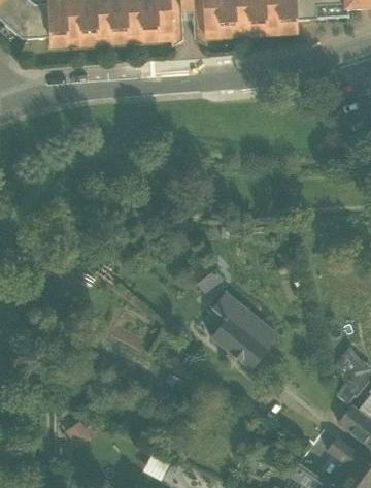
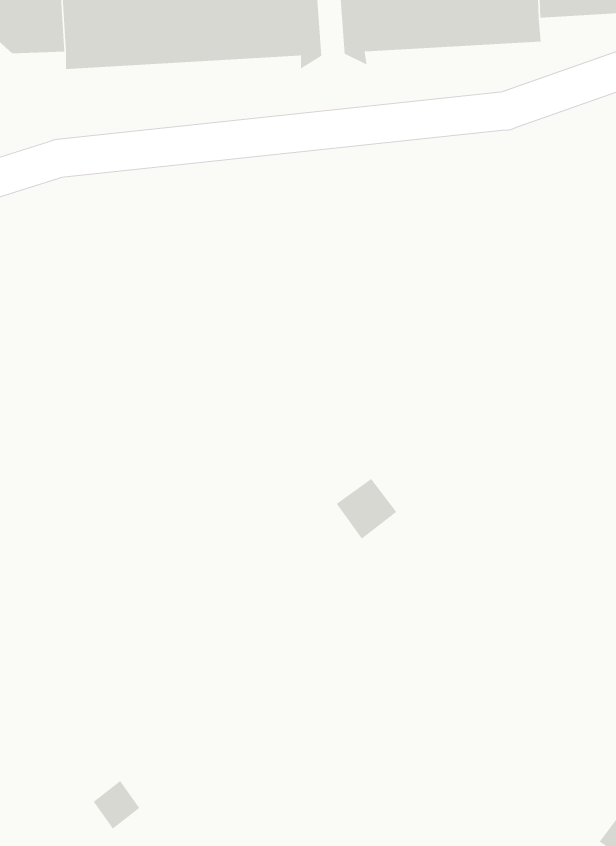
building: [211,293,277,369] -> none

